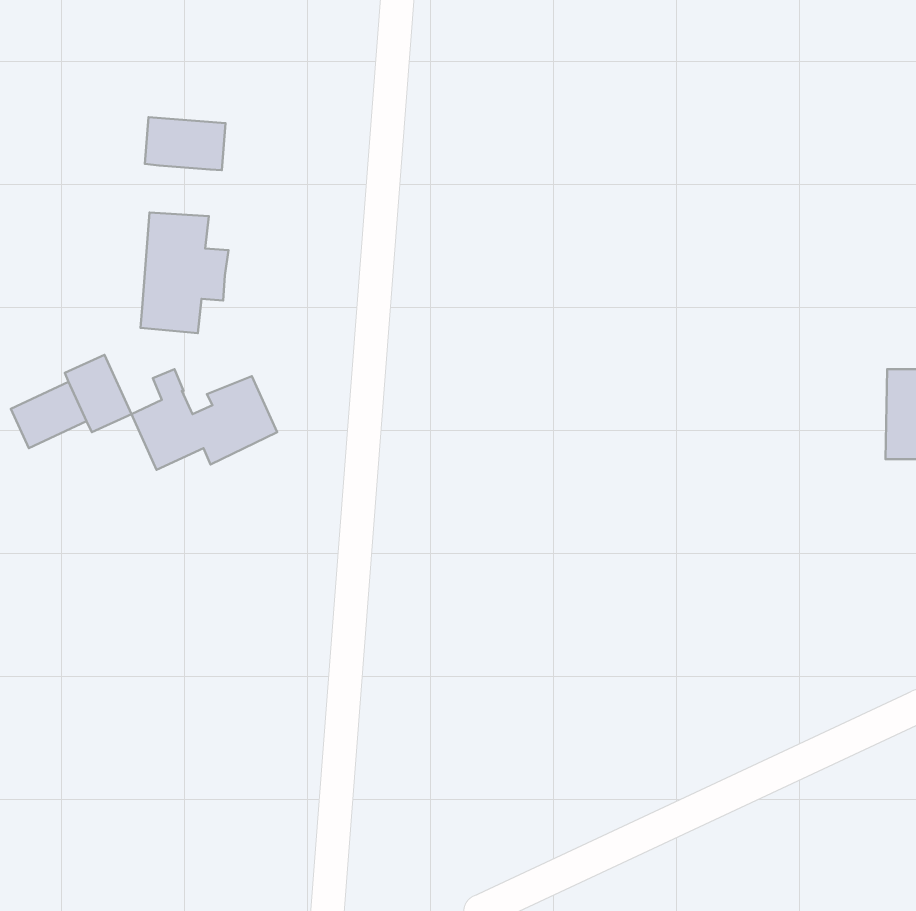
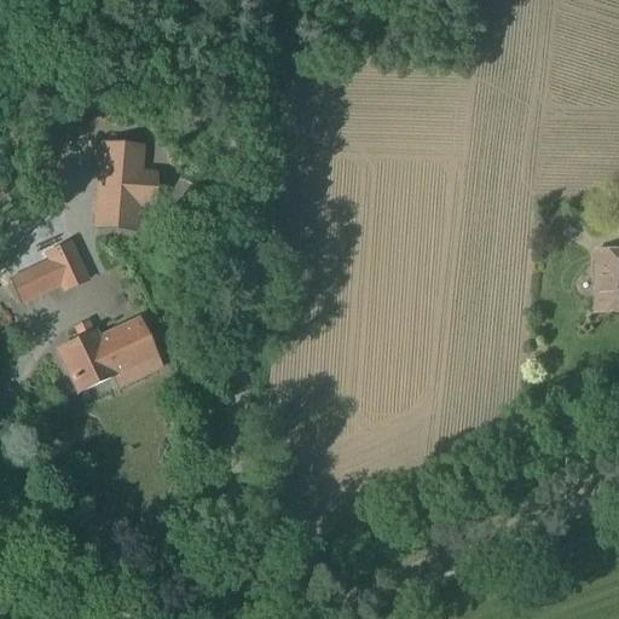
building: [145,117,225,170] -> none
building: [131,369,277,470] -> [60,318,158,386]

